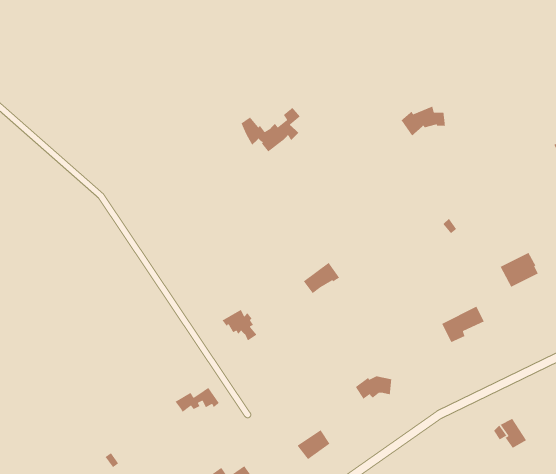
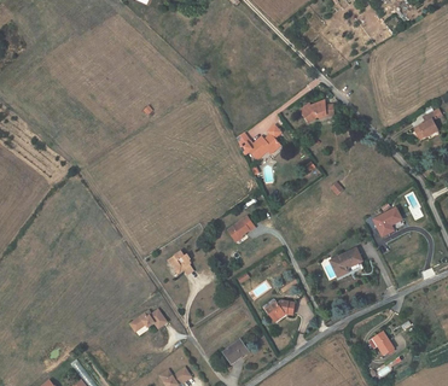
building: [241,107,301,152] -> [235,125,280,159]

